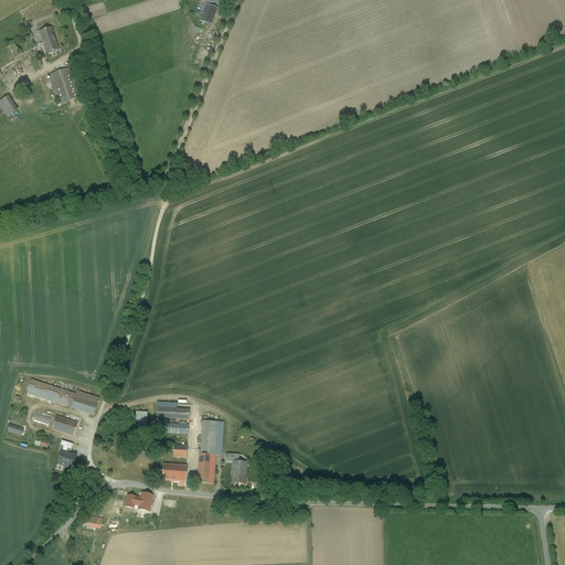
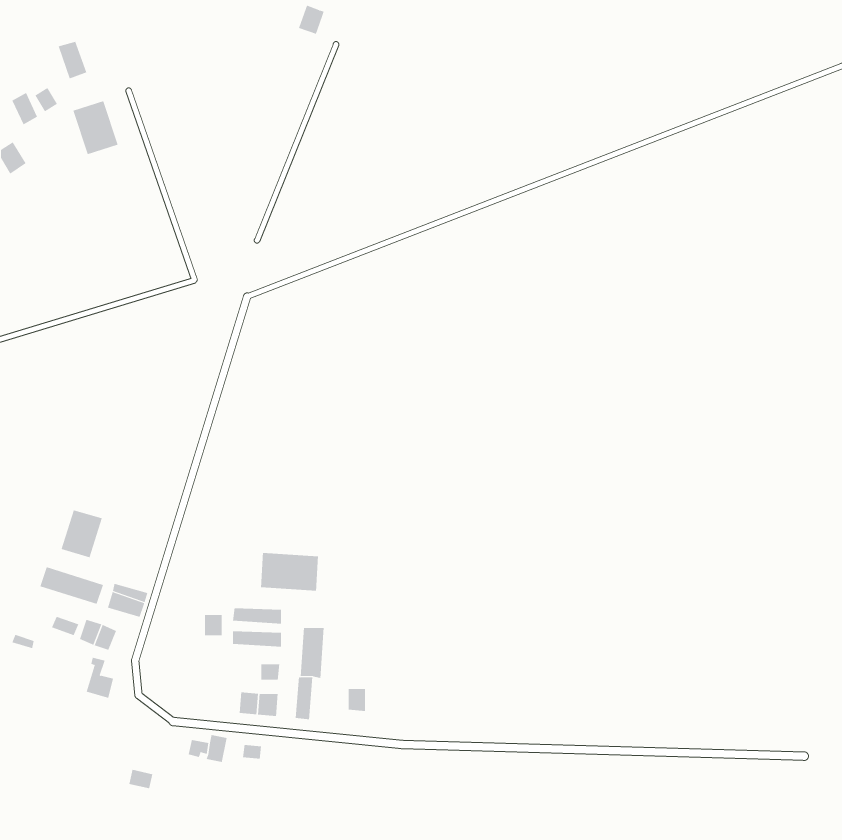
building: none -> [61,509,103,558]
building: none -> [261,552,318,592]

